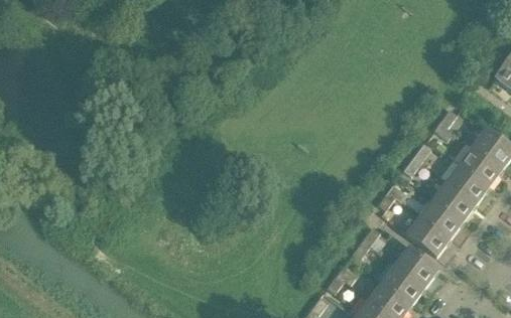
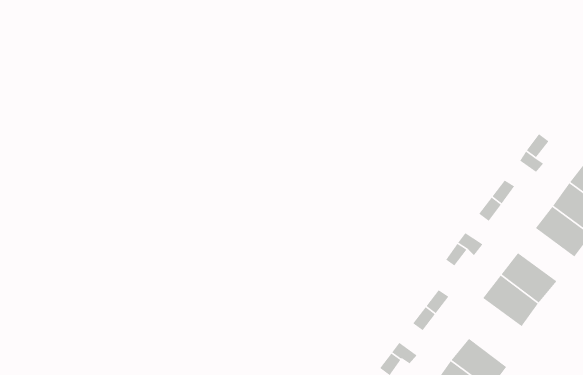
building: [432,180,476,220] -> none
building: [395,246,437,286] -> none

